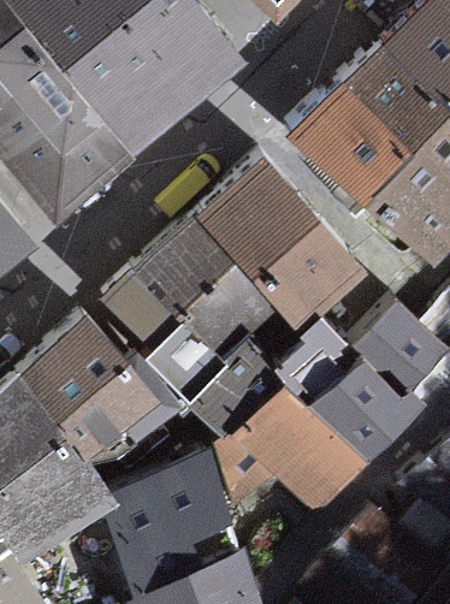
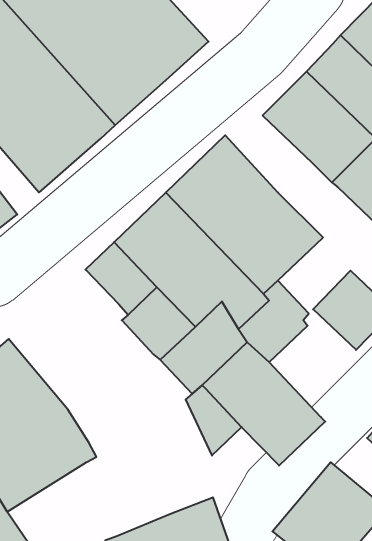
building: [18,315,152,452] -> none
building: [303,348,410,461] -> none
building: [103,450,242,591] -> none

